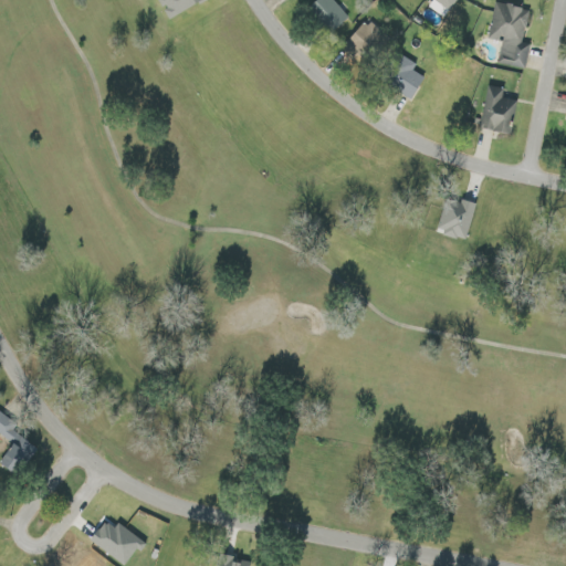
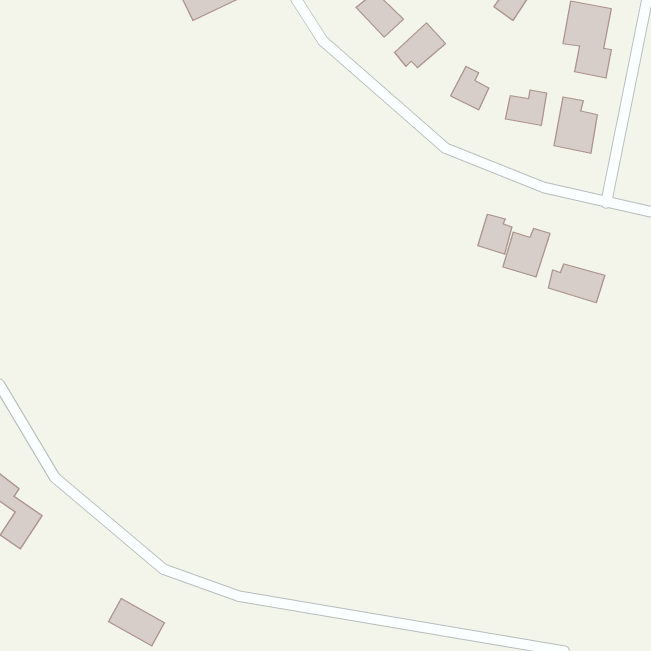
building: none -> [506,90,547,126]
building: none -> [478,214,512,254]
building: none -> [548,264,605,303]

